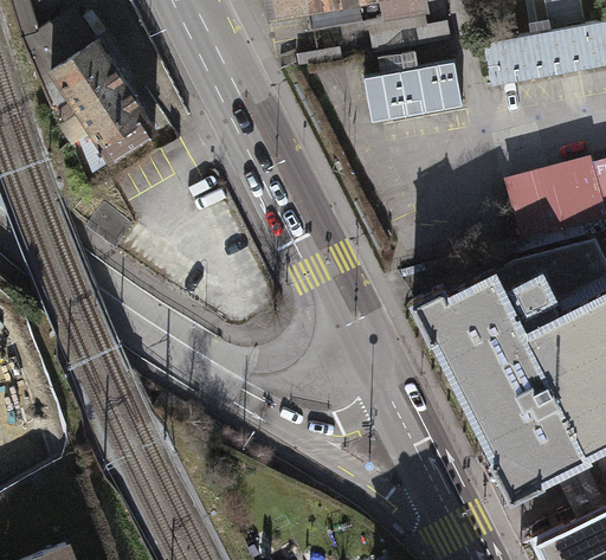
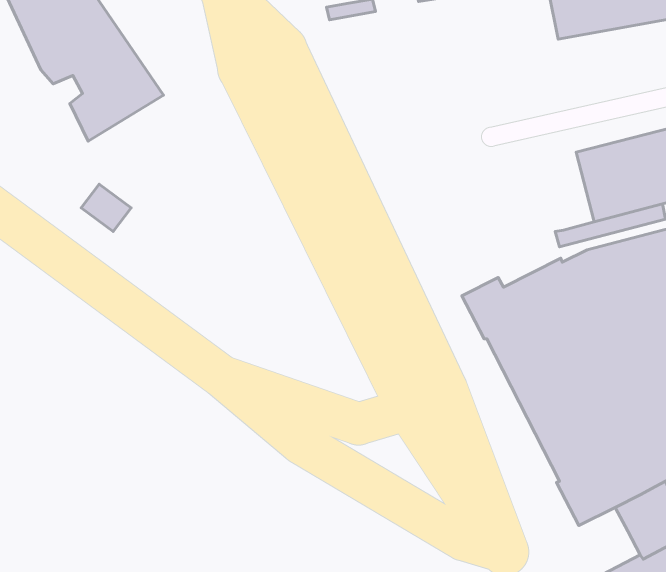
building: [367,62,465,121] -> none

